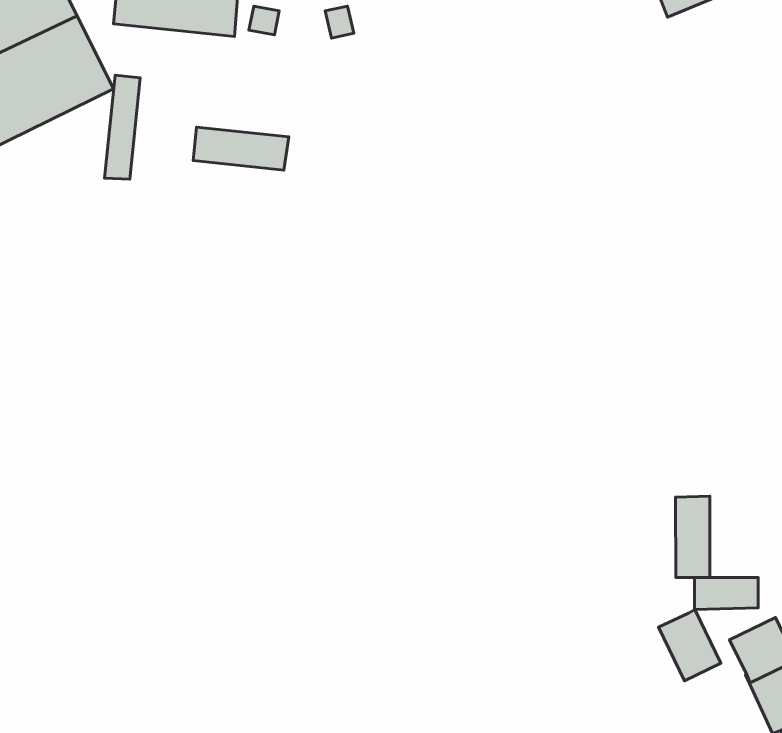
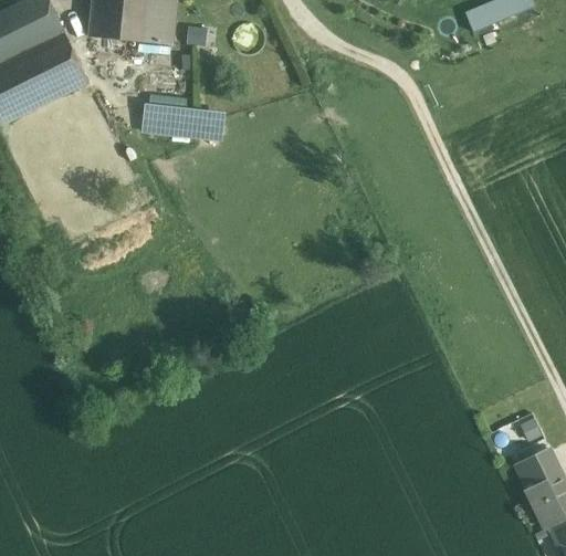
building: [104,75,140,179] -> none
building: [676,496,710,578] -> none
building: [658,609,721,681] -> none

